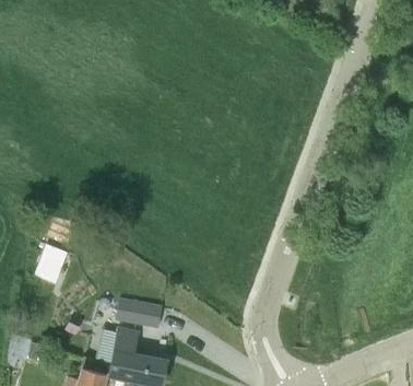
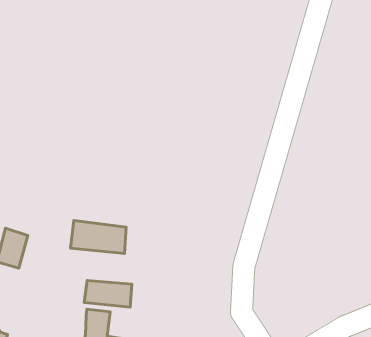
building: none -> [70,221,126,254]

